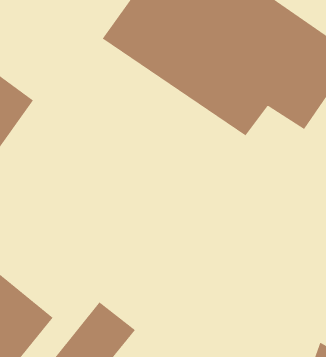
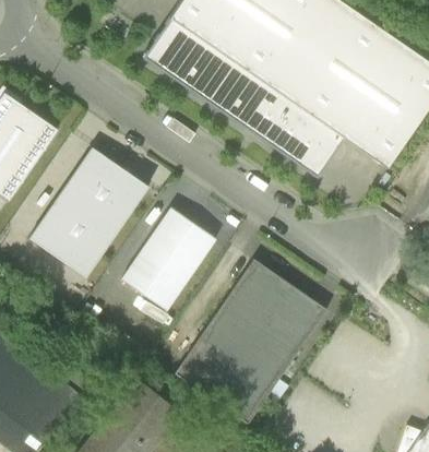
building: none -> [29,147,150,277]
building: none -> [122,211,216,313]
building: none -> [176,259,325,420]

